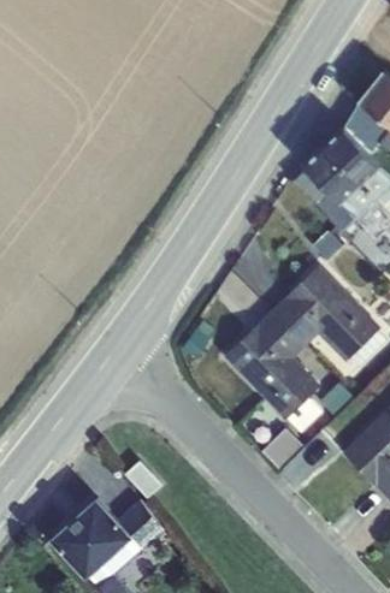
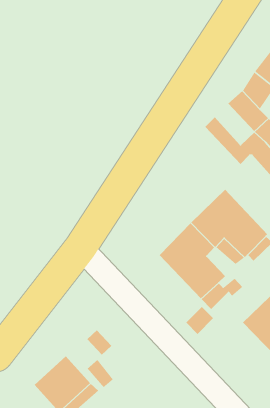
building: [302,146,359,203] -> none

